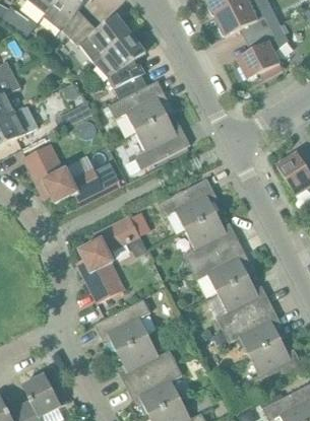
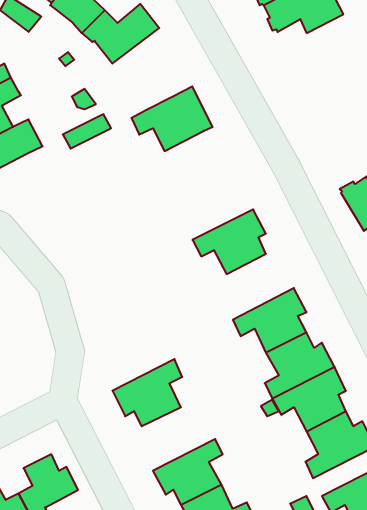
building: [236,21,288,79] -> none
building: [94,32,145,98] -> none
building: [134,112,190,168] -> none
building: [22,143,118,202] -> none
building: [183,213,239,266] -> none
building: [76,215,139,302] -> none
building: [117,336,176,387] -> none

